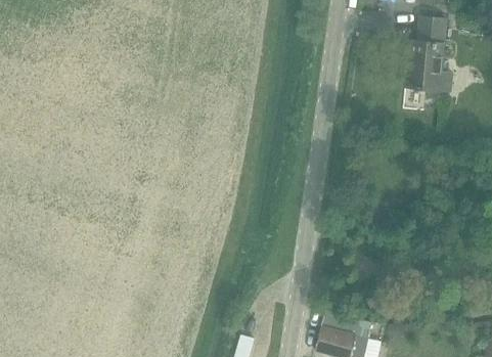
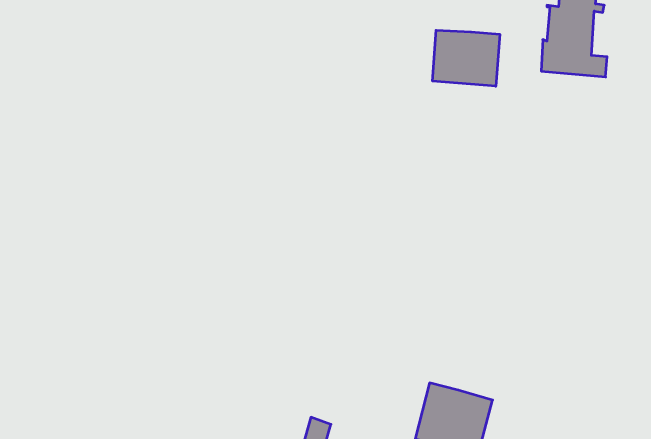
building: none -> [433,30,500,86]

